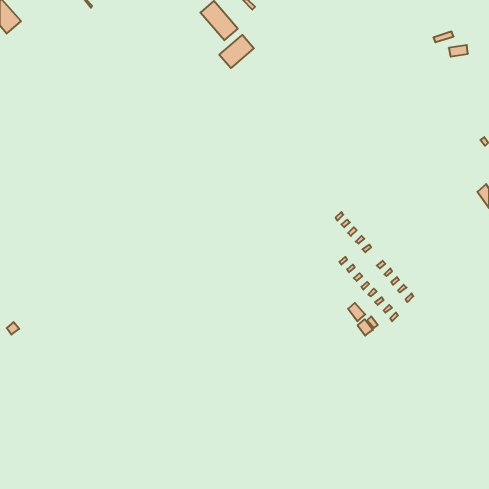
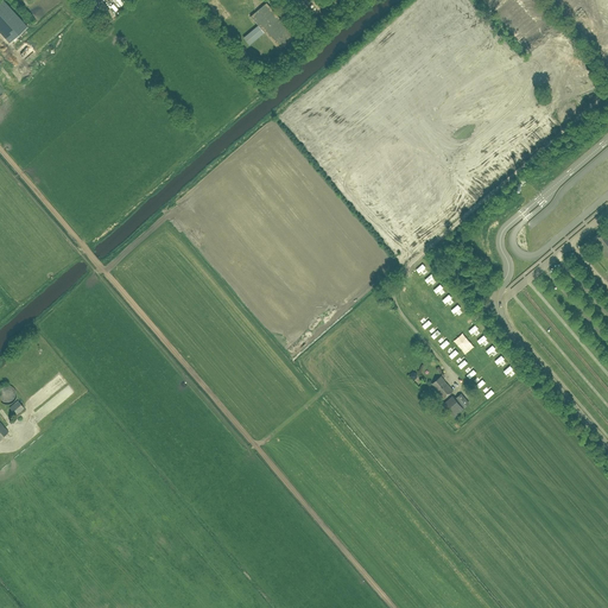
building: [219,35,254,68] -> none

